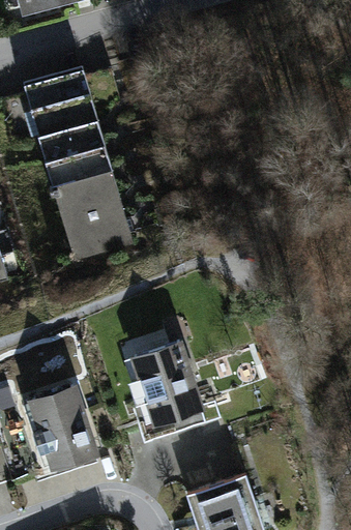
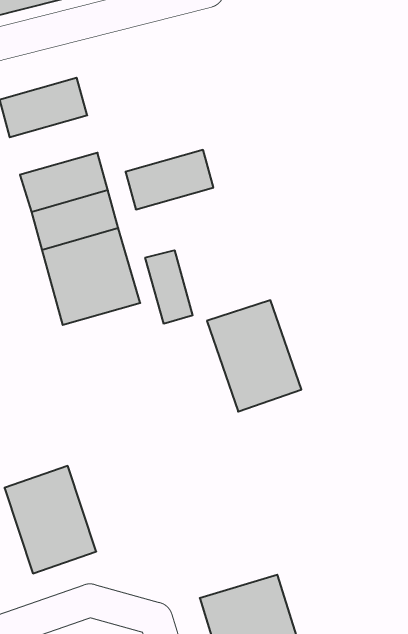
building: [29,98,99,146] -> [125,150,213,209]
building: none -> [145,250,193,324]
building: [127,335,203,424] -> [207,300,301,412]

